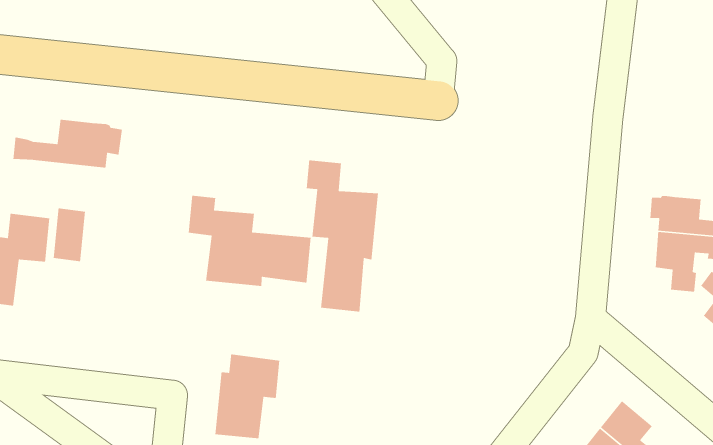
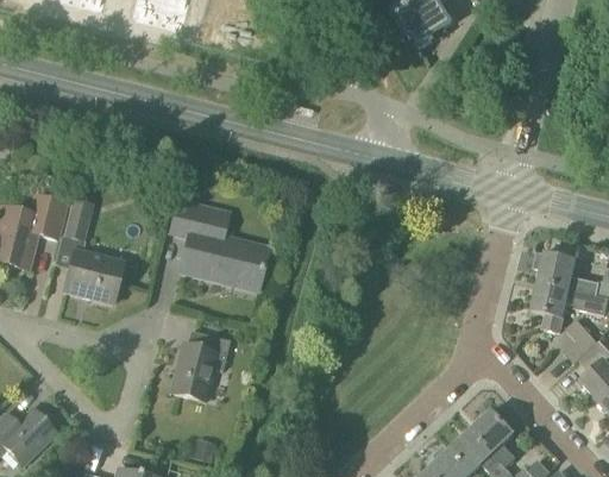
building: [13,119,123,169] -> none
building: [306,159,379,312] -> none
building: none -> [64,250,123,303]

